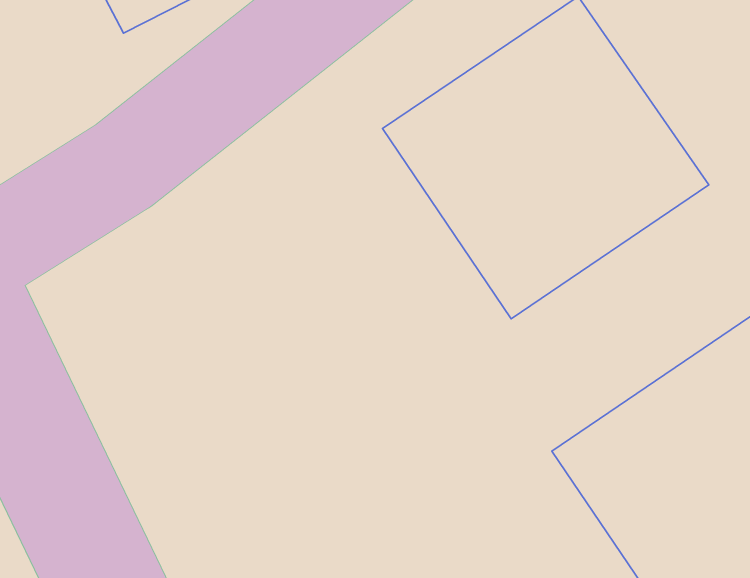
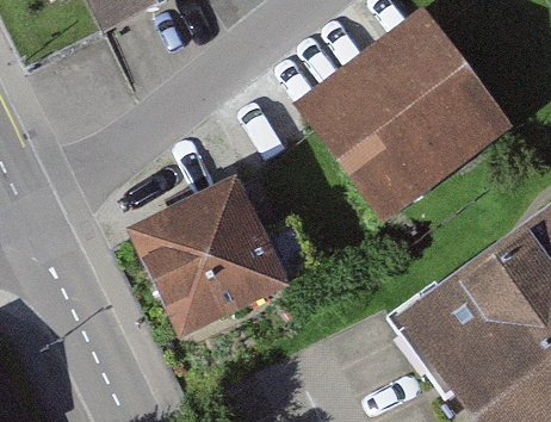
building: none -> [126,174,290,331]

